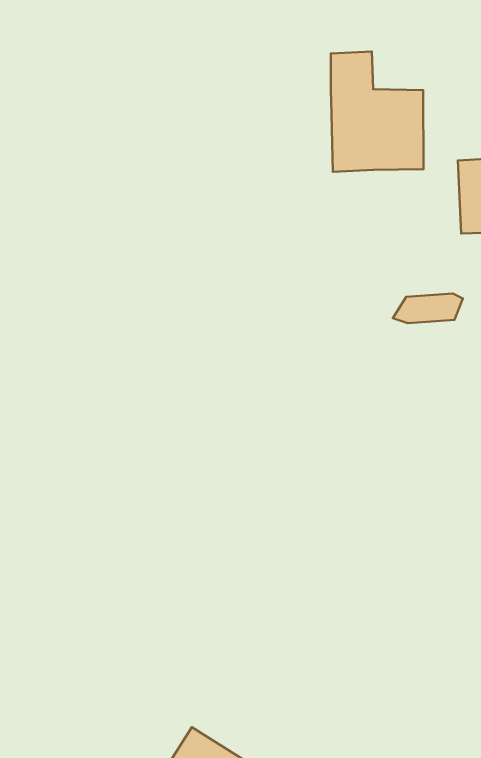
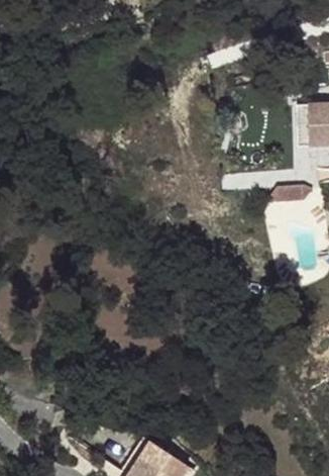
building: [331,52,423,172] -> none

